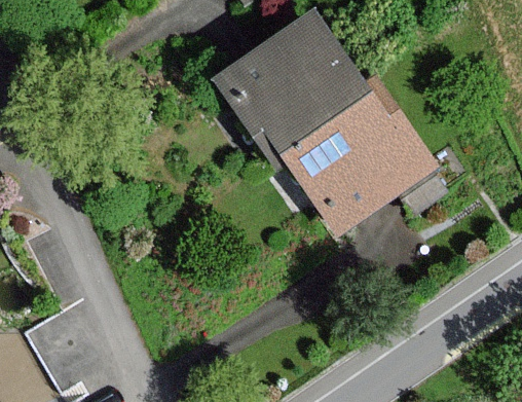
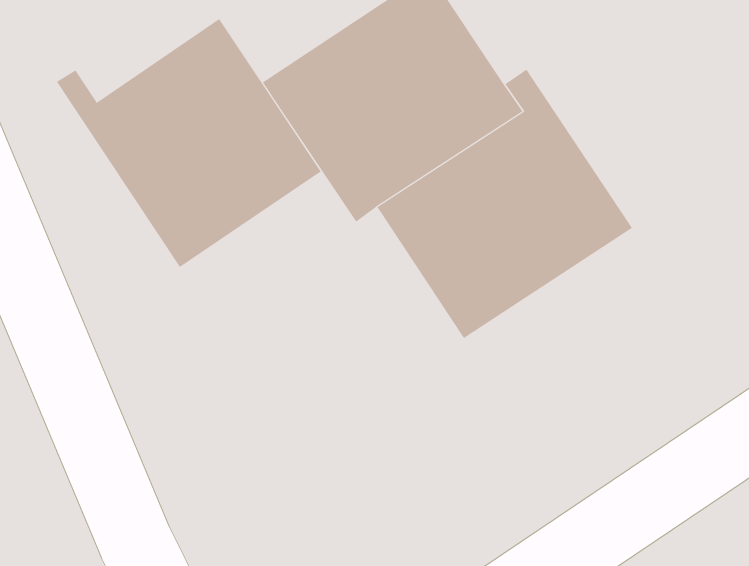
building: none -> [56,18,321,268]

